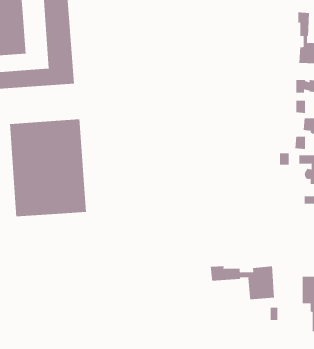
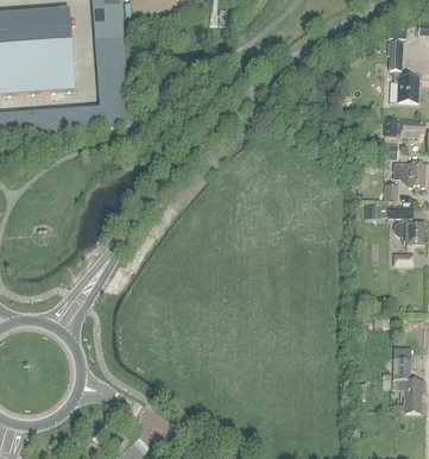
building: [9,119,86,217] -> none
building: [210,266,275,300] -> none

